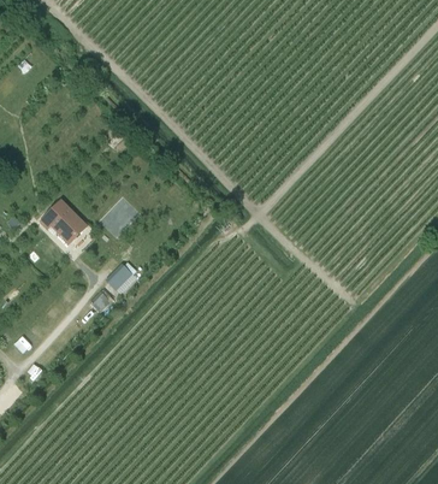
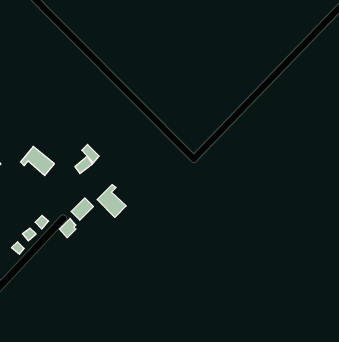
building: none -> [97,185,126,217]

